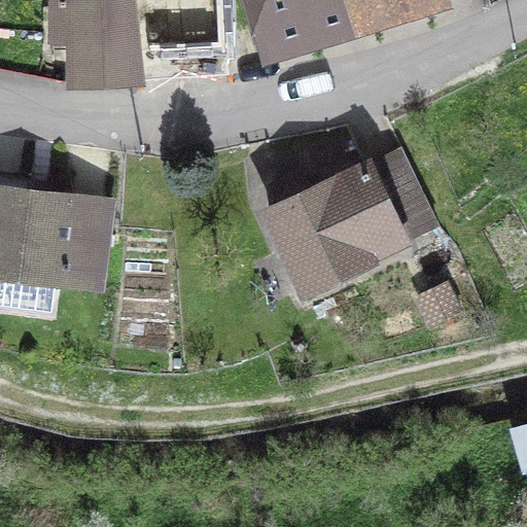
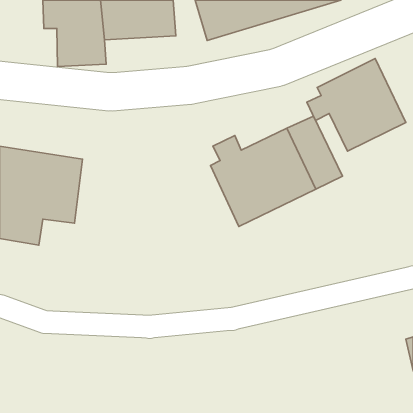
building: none -> [307,59,406,151]

